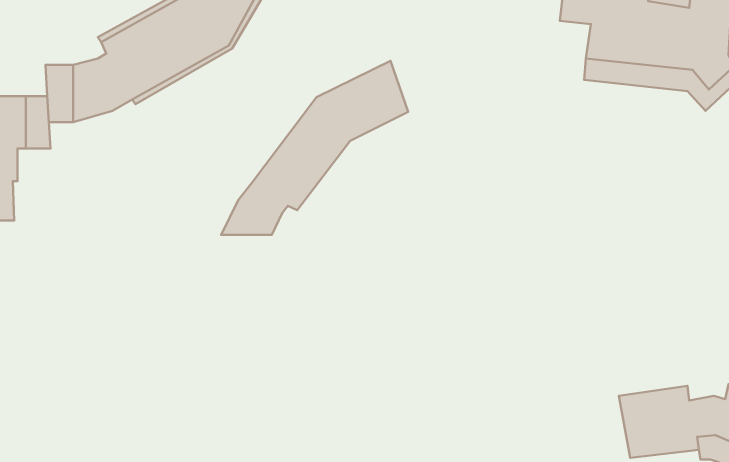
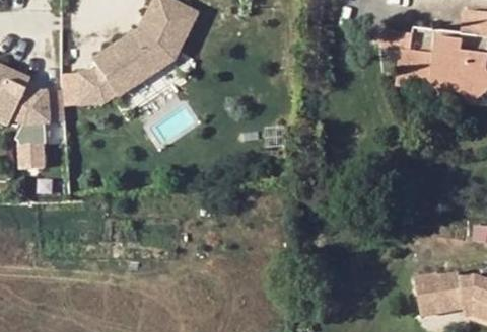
building: [221,61,408,235] -> none

